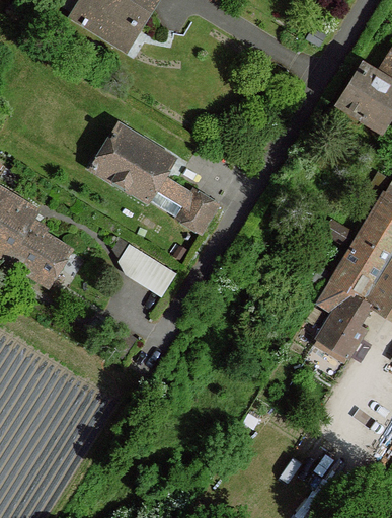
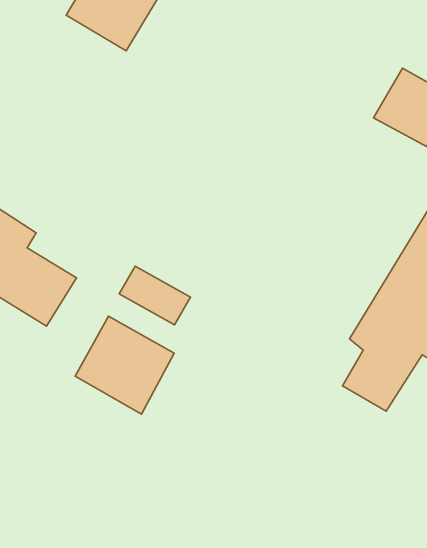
building: [91,127,220,234] -> none
building: none -> [75,316,174,414]

